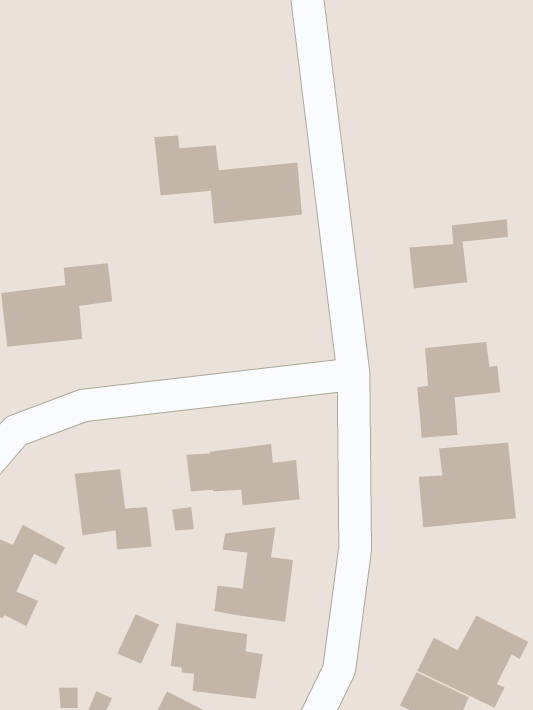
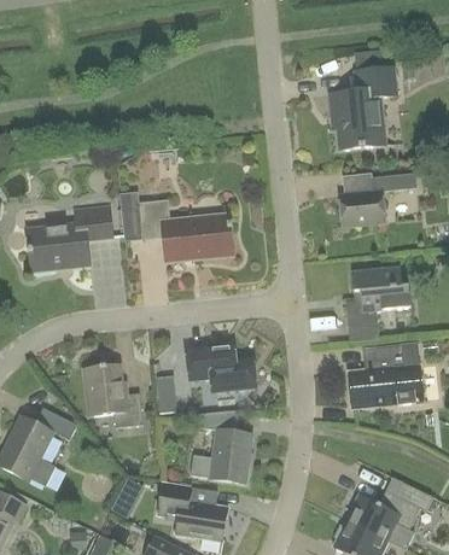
building: none -> [328,51,396,148]
building: [154,135,303,225] -> [118,192,233,261]

